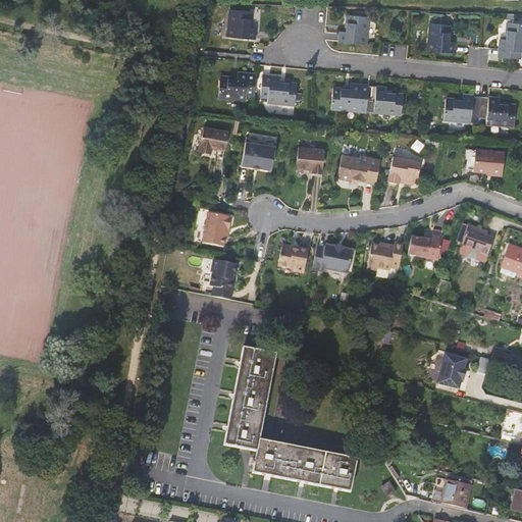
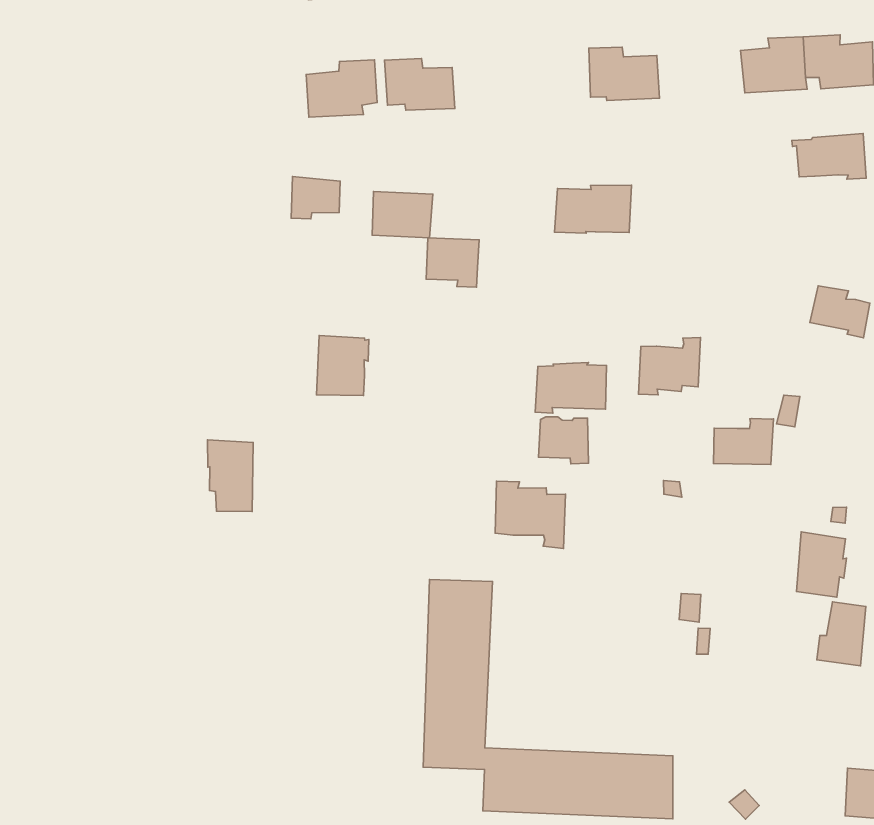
building: [331,82,369,111] -> none
building: [297,143,327,172] -> [426,238,479,287]
building: [388,155,421,181] -> none
building: [408,234,442,260] -> [714,418,773,465]
building: [278,245,307,272] -> [538,417,589,464]
building: [211,258,238,299] -> [208,440,253,511]
building: none -> [495,481,565,548]
building: none -> [817,602,866,666]

